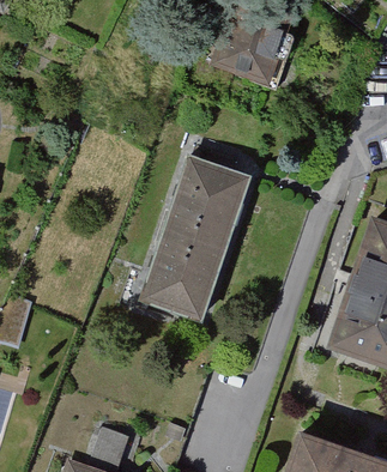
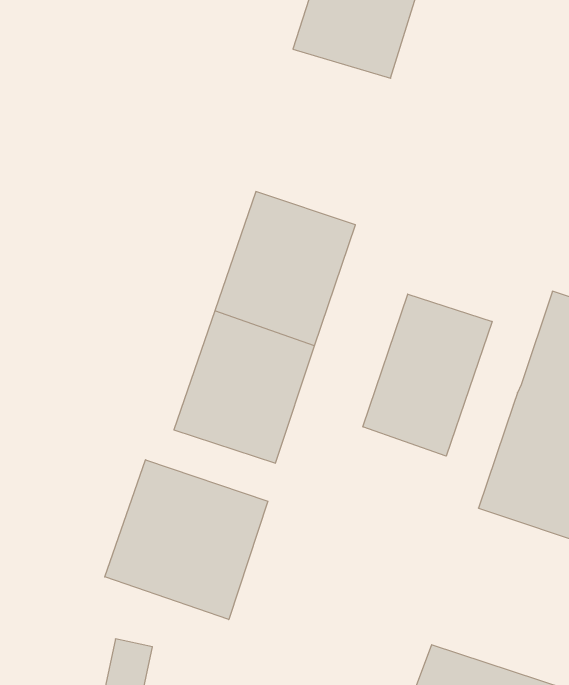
building: none -> [363,294,492,456]
building: none -> [105,460,268,620]

